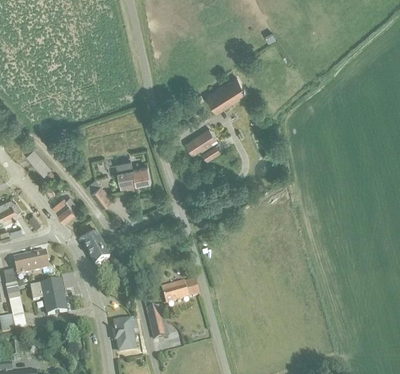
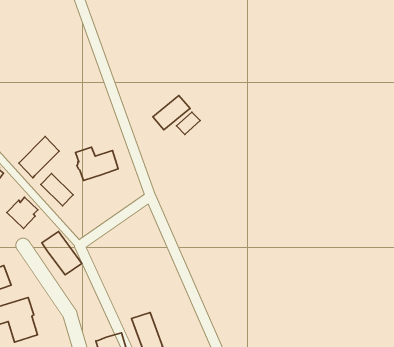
building: [206,76,245,109] -> none
building: none -> [19,136,59,178]
building: [160,279,198,303] -> none

